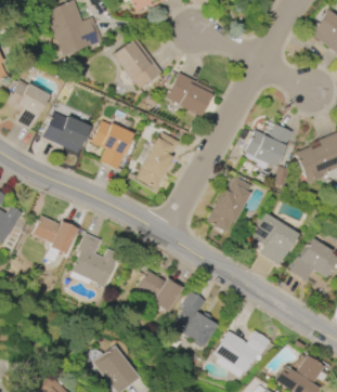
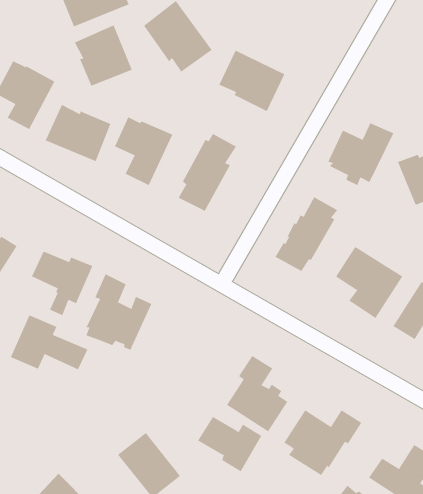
building: none -> [74,25,132,86]
building: none -> [10,315,88,370]
building: [137,271,183,311] -> [197,416,262,472]

